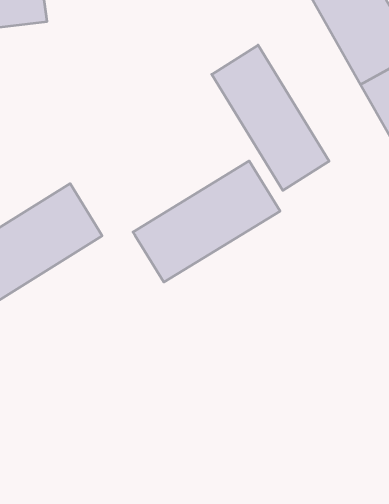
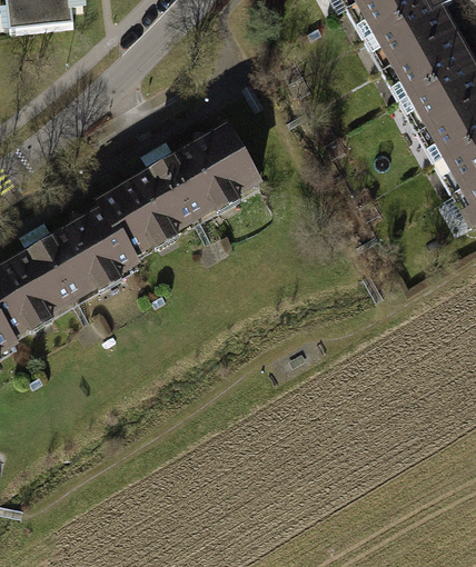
building: [212,45,329,190] -> none
building: [133,161,280,282] -> [88,128,251,262]

